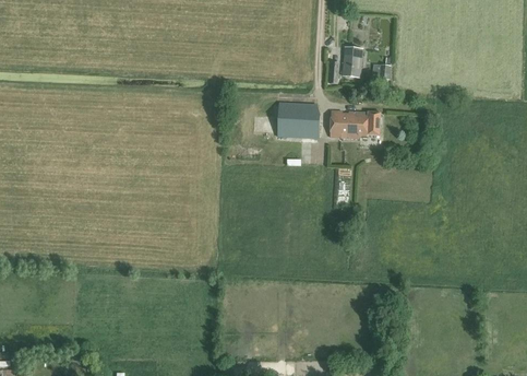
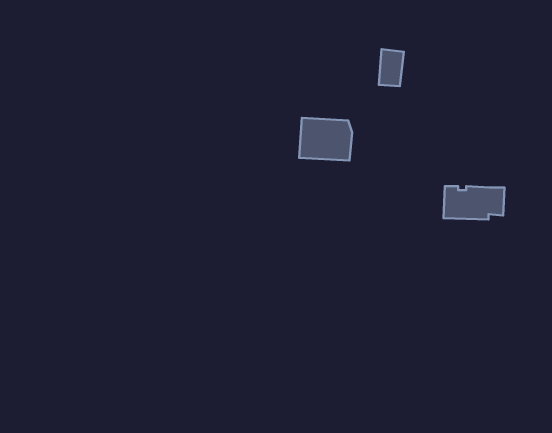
building: [331,110,381,138] -> [444,186,505,219]

